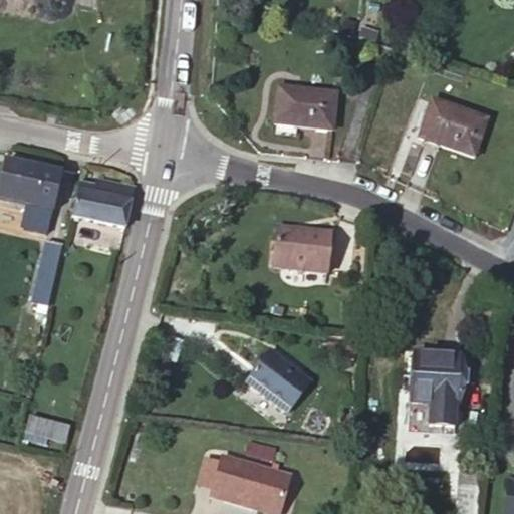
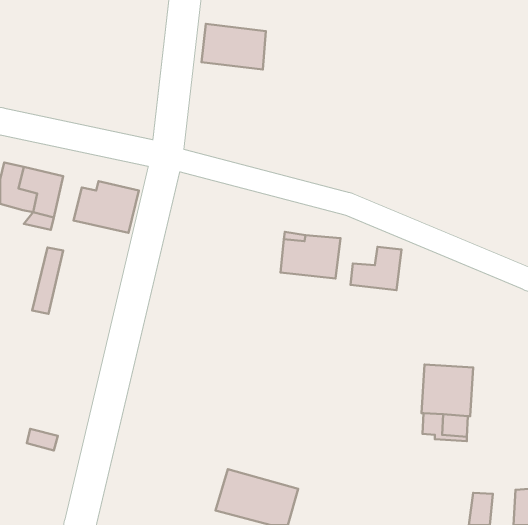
building: [274,85,336,130] -> [202,24,266,69]
building: [420,99,488,156] -> none
building: none -> [351,247,402,290]
building: [247,349,310,411] -> none

